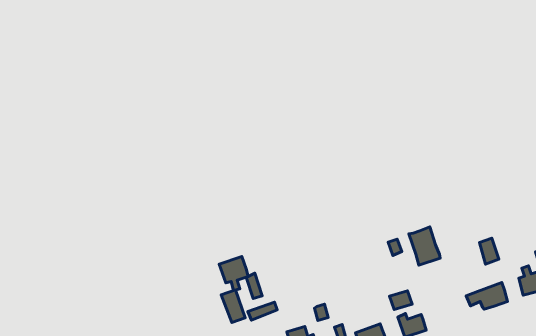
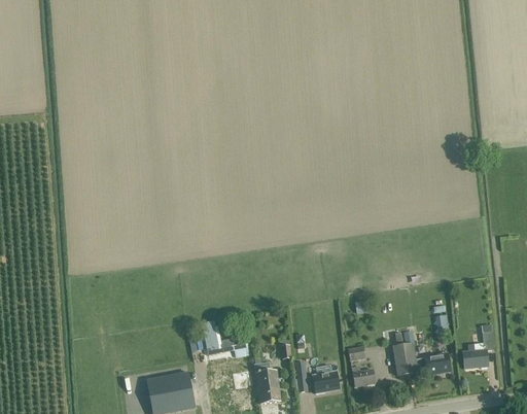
building: [409,227,440,265] -> [393,343,417,375]
building: [219,256,262,299] -> none

